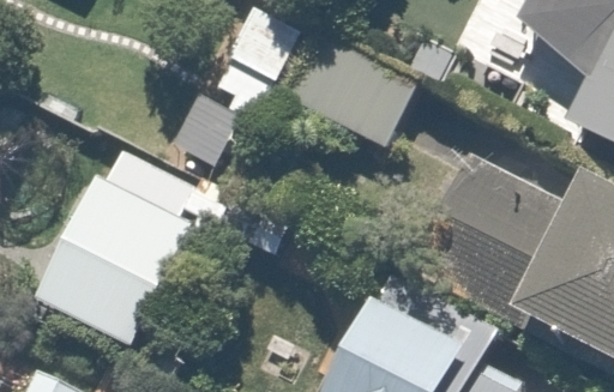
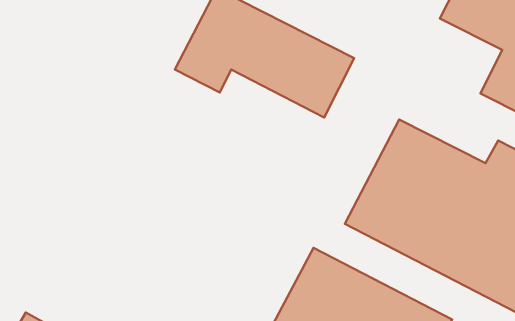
building: [32,173,193,340] -> none

